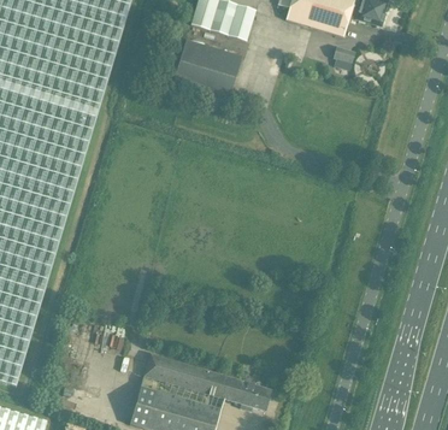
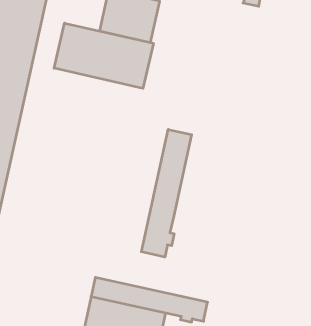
building: none -> [54,23,153,88]
building: none -> [141,129,192,257]

